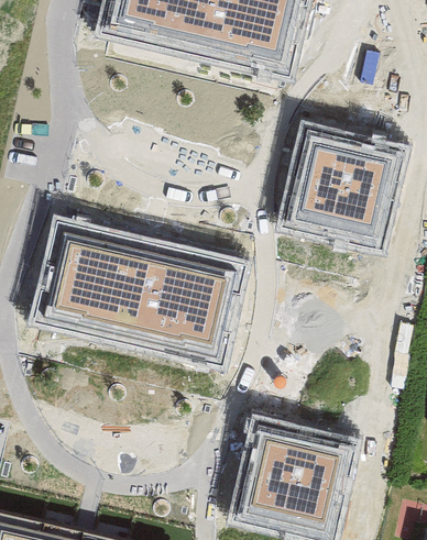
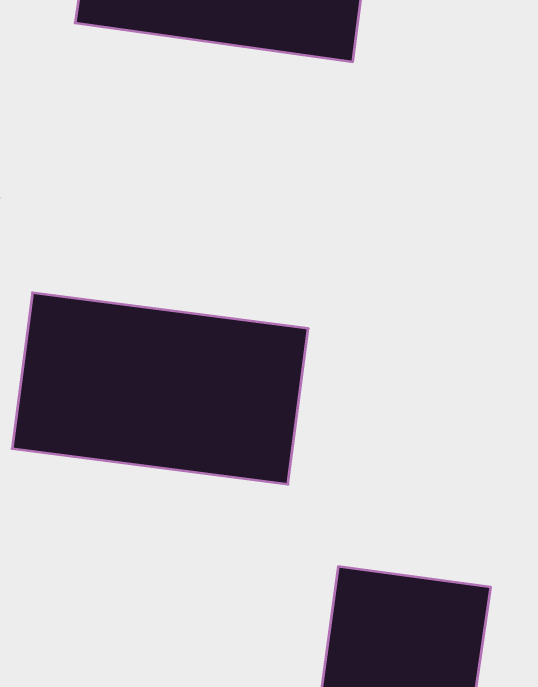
building: [280,126,404,249] -> none

